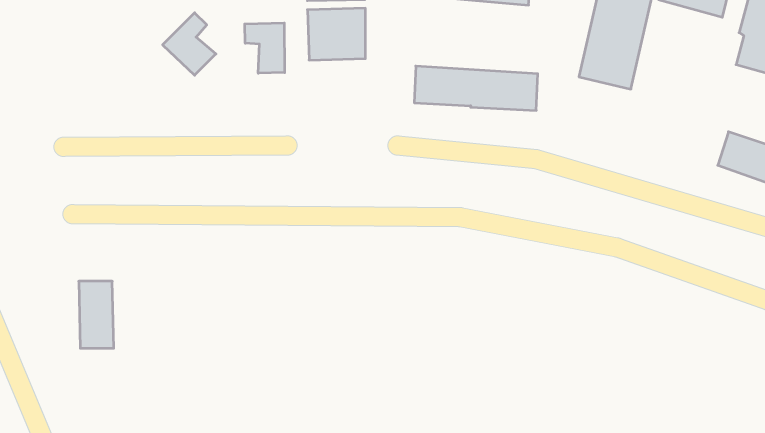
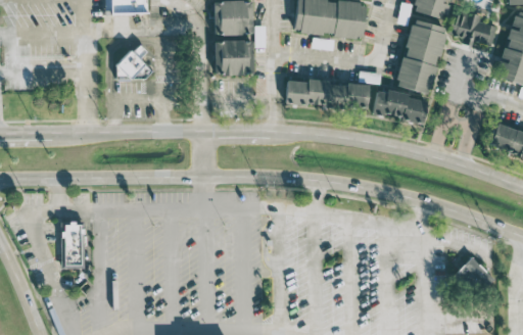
building: [245,23,285,73] -> none
building: none -> [374,90,429,123]
building: none -> [455,257,495,296]

